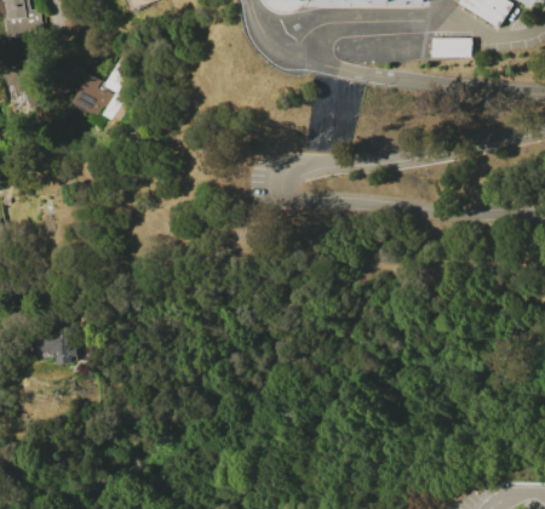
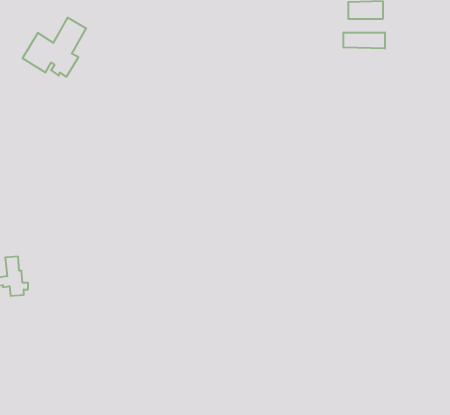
building: none -> [344,32,385,49]

